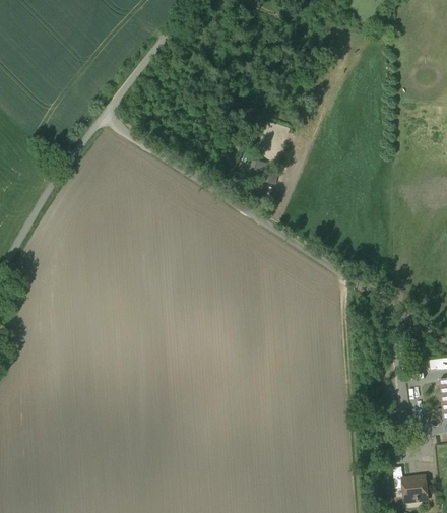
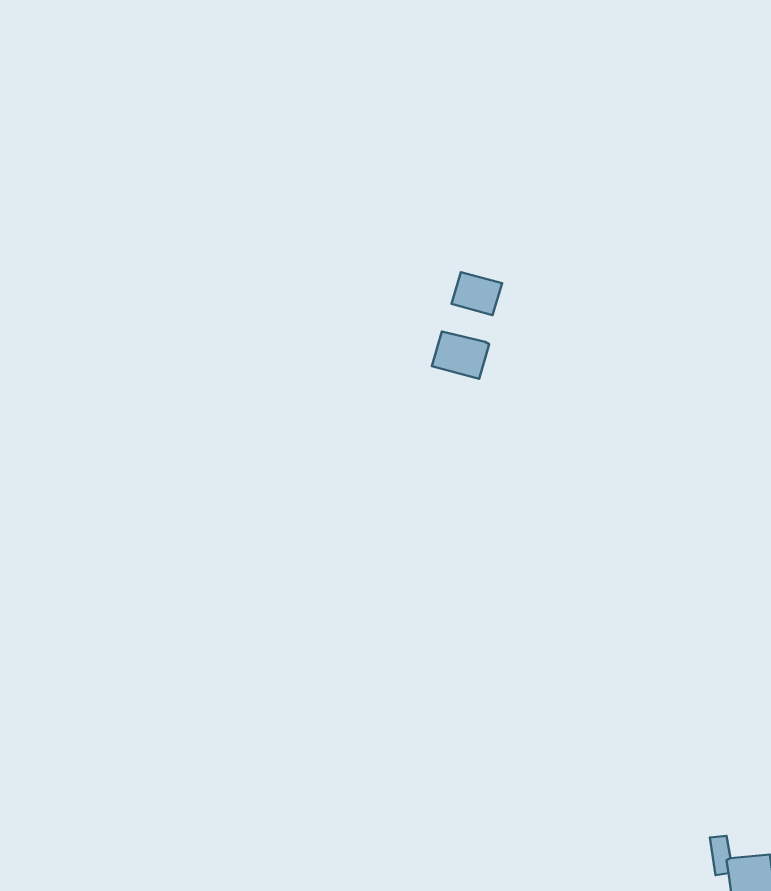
building: none -> [432,331,489,379]

